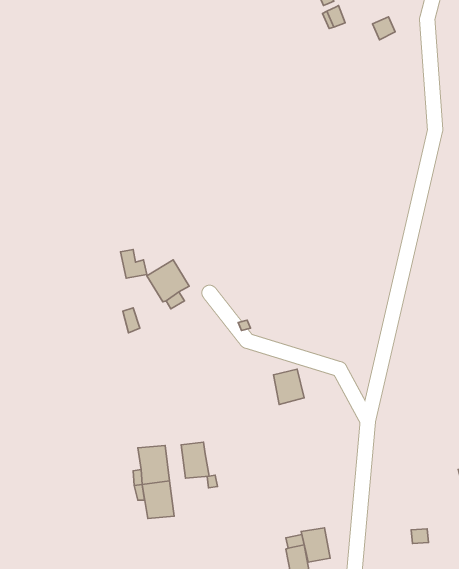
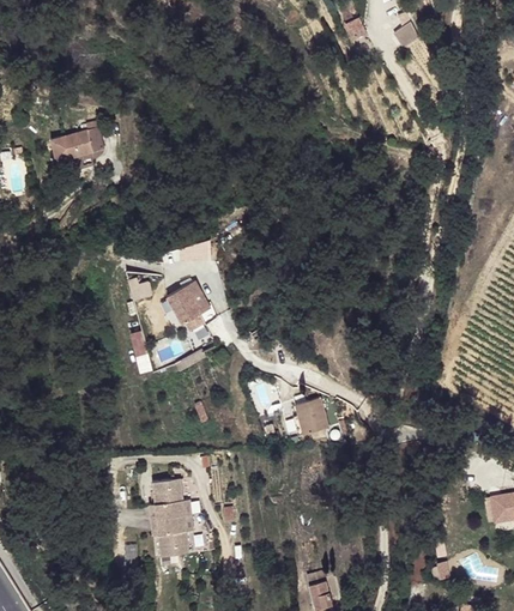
building: none -> [58,131,101,161]
building: [181,442,209,478] -> none
building: [301,528,330,562] -> none

